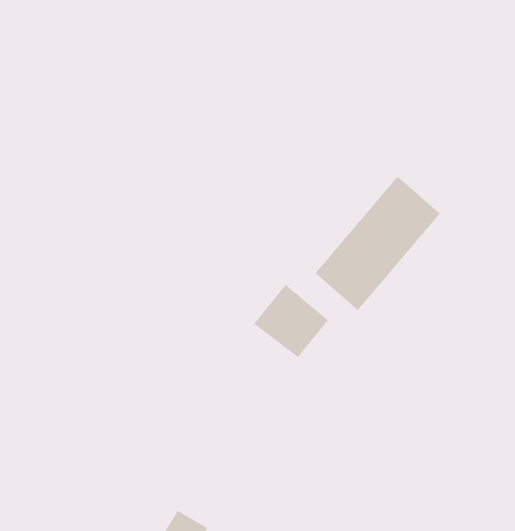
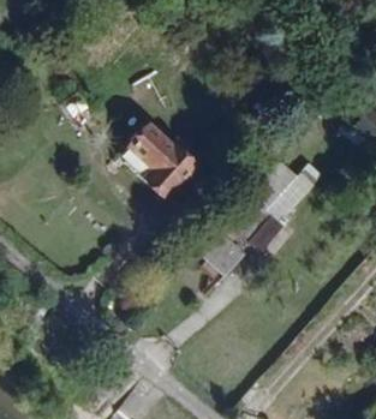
building: none -> [127,126,191,199]

